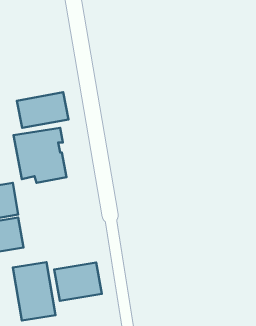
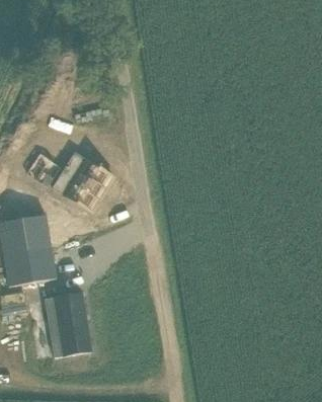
building: [17,92,68,128] -> none
building: [54,262,102,301] -> none

